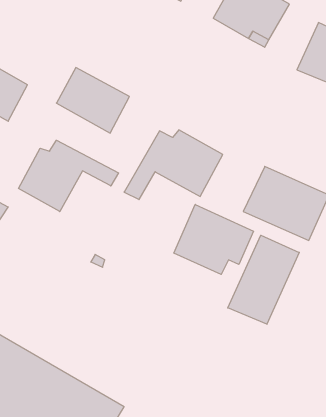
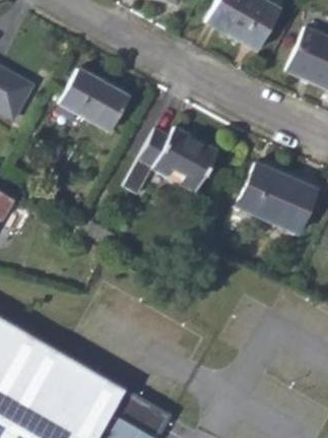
building: [19,140,119,212] -> none
building: [174,204,254,274] -> none
building: [228,235,299,324] -> none

